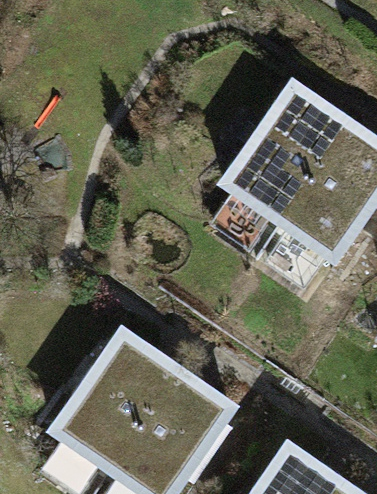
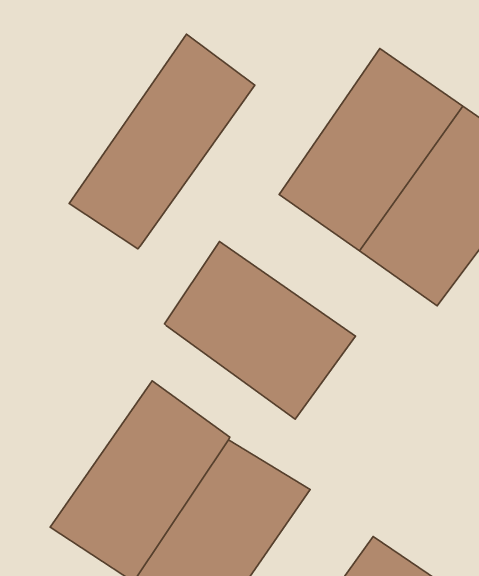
building: none -> [69,34,255,249]
building: none -> [164,242,356,419]

